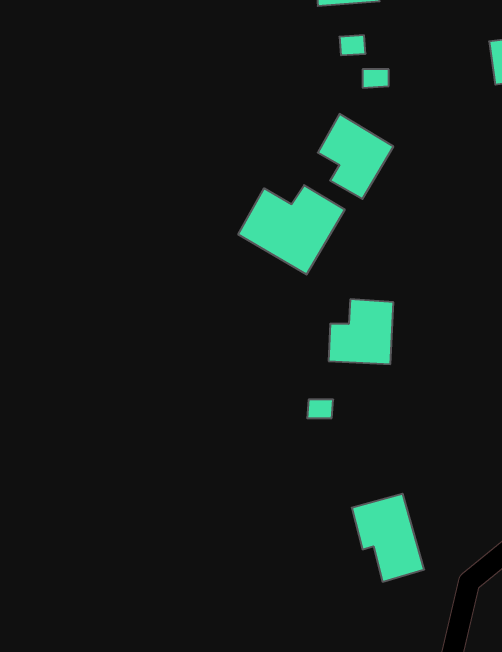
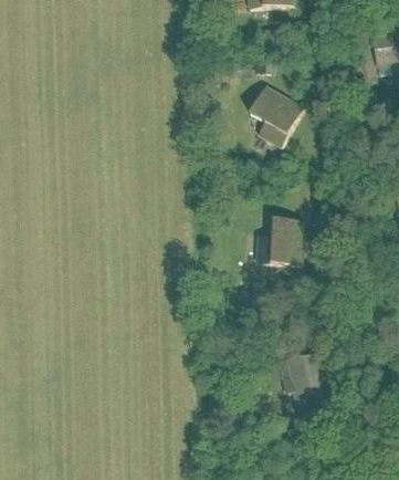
building: [238,185,345,275] -> none

